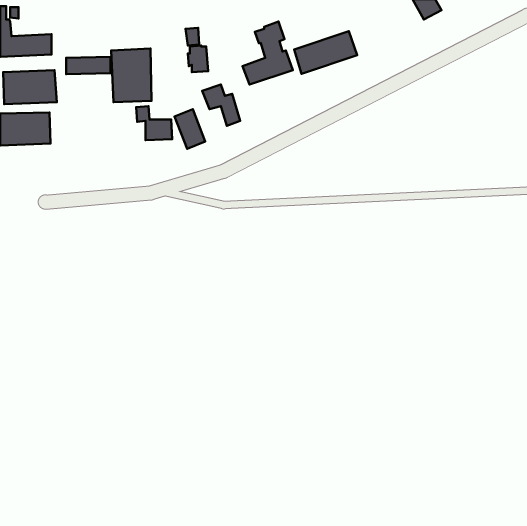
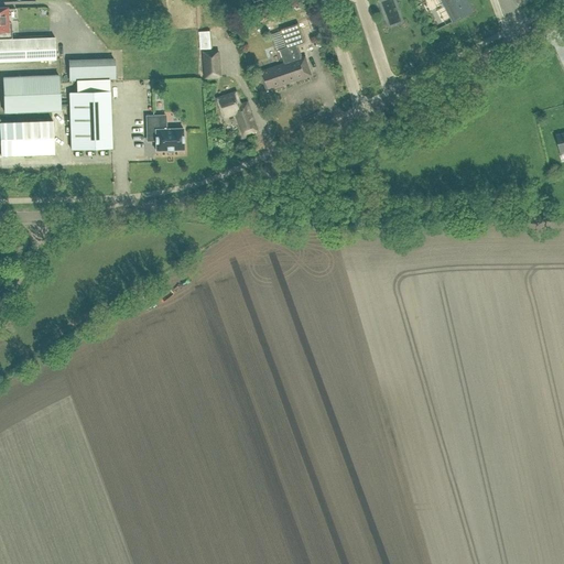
building: [294,31,357,74] -> none
building: [111,48,152,102] -> [68,90,111,148]
building: [175,109,205,149] -> none

